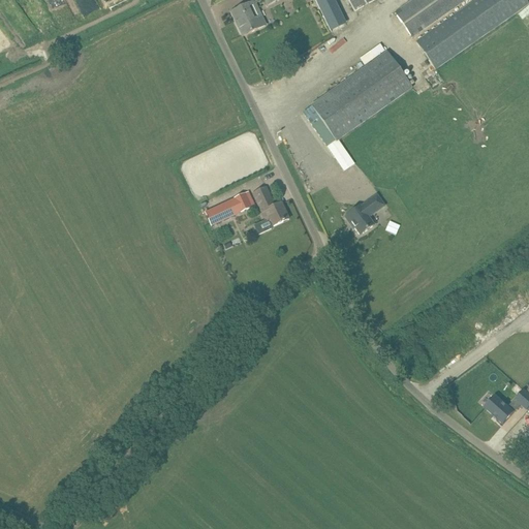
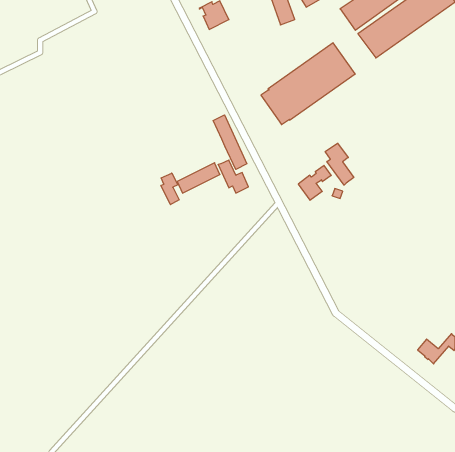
building: none -> [213,115,247,169]
building: none -> [325,143,354,185]
building: none -> [161,173,179,205]

